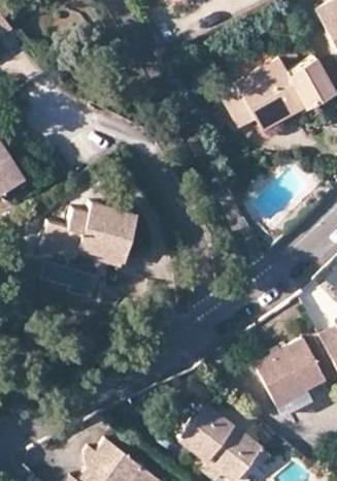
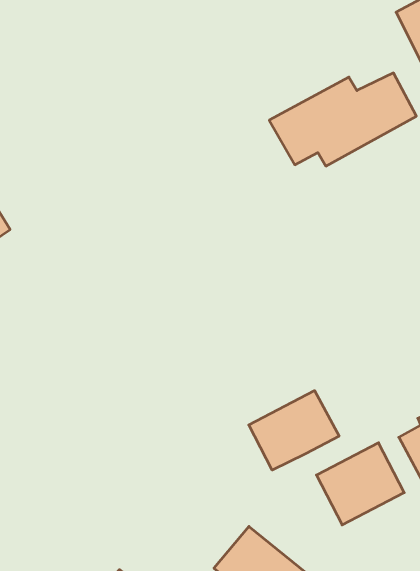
building: [52,206,143,285] -> none
building: none -> [249,391,339,470]

